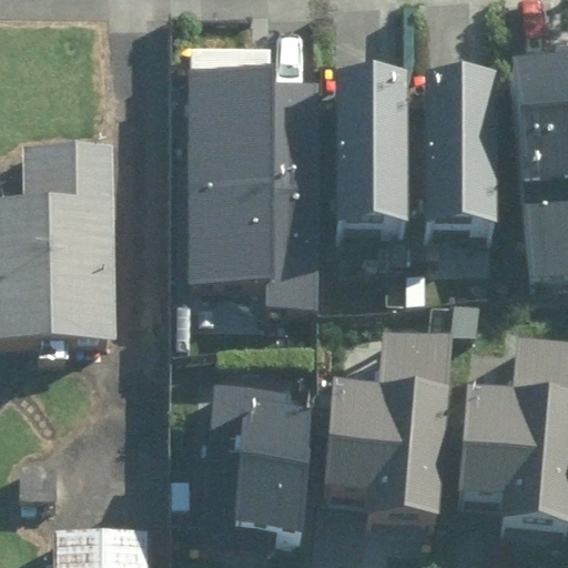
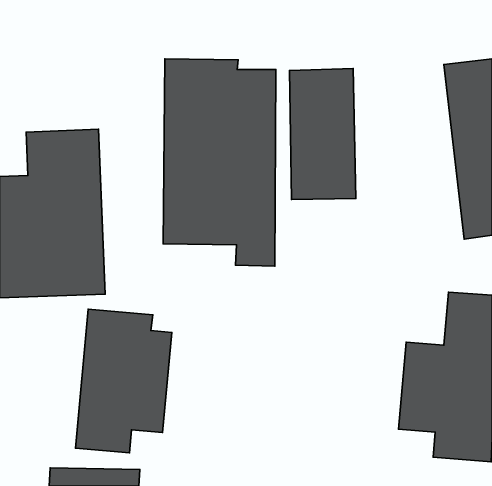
building: [419,78,494,229] -> none
building: [325,326,452,519] -> none
building: [201,384,312,549] -> [76,309,172,453]

